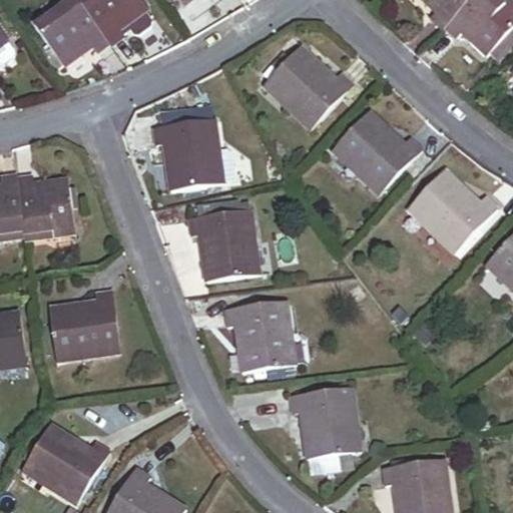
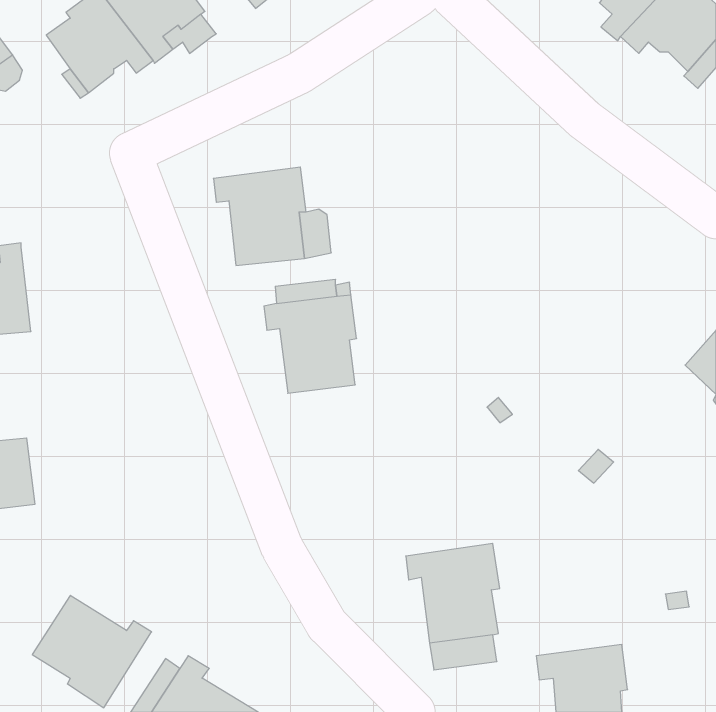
building: [265,44,352,129] -> none
building: [336,109,421,194] -> none
building: [411,169,497,252] -> none
building: [15,174,73,239] -> none
building: [48,291,119,358] -> none
building: [223,302,289,371] -> none

